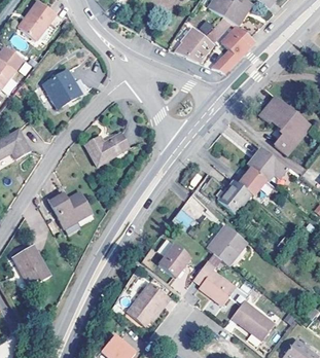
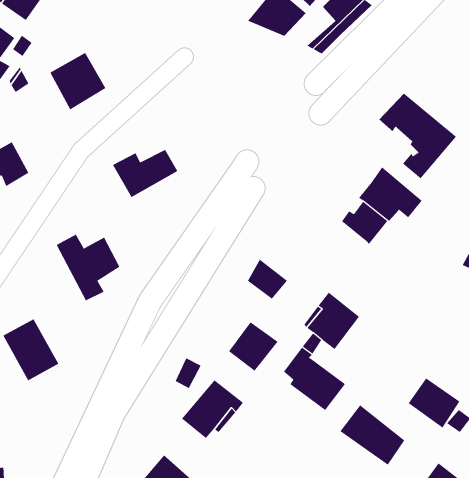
building: [218,181,250,213] -> none
building: none -> [408,378,460,429]

